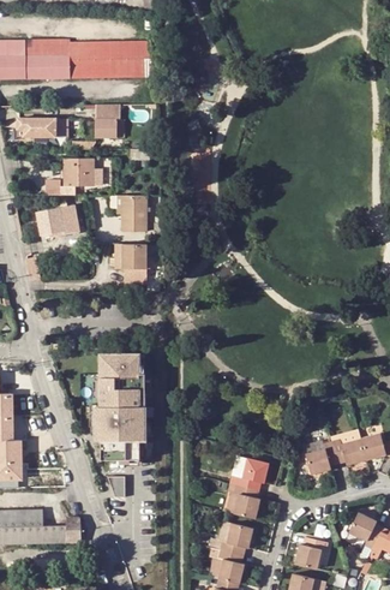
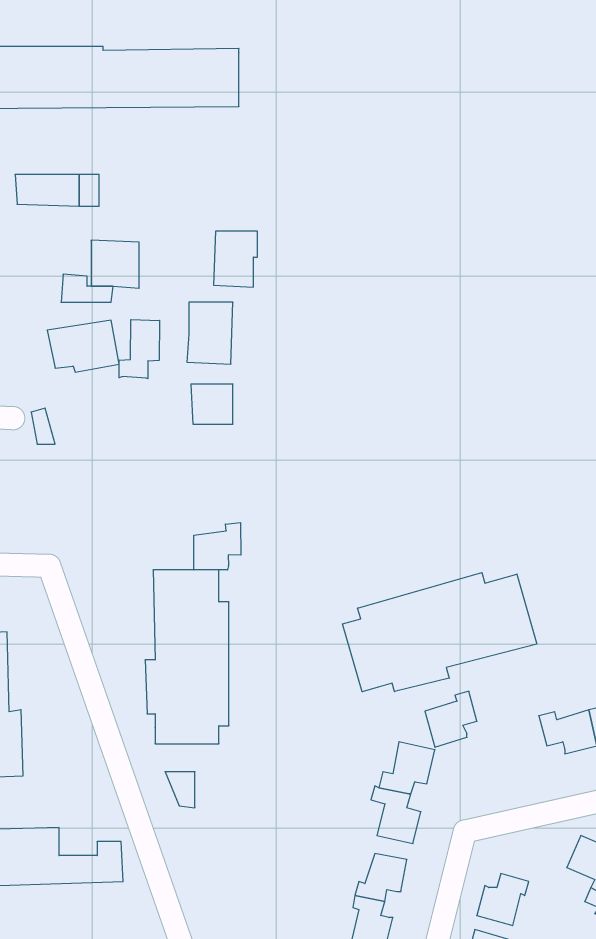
building: [94,105,120,138] -> [214,231,257,287]
building: none -> [119,320,160,379]
building: none -> [194,523,241,570]
building: none -> [343,573,537,692]
building: [305,443,336,477] -> [425,691,477,747]

